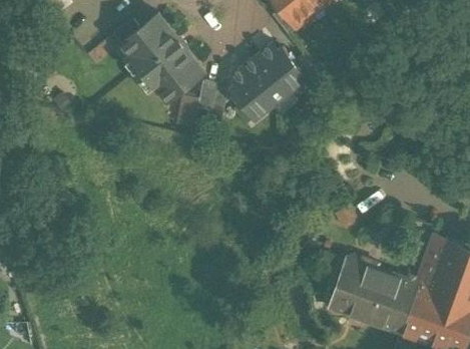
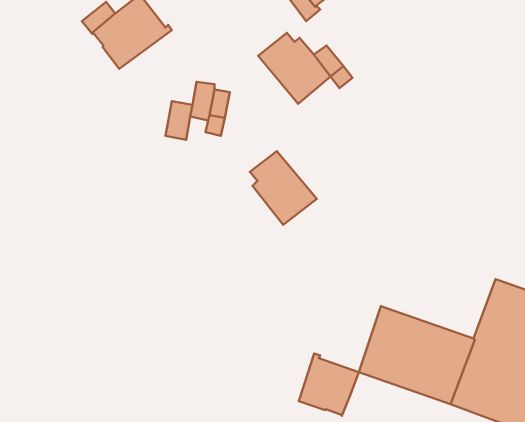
building: [141,42,203,102] -> none
building: [228,62,281,119] -> [250,151,317,225]
building: none -> [299,353,359,416]

